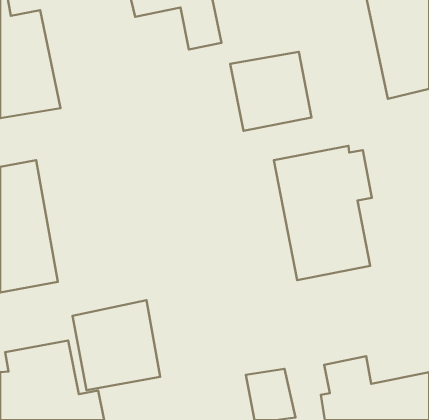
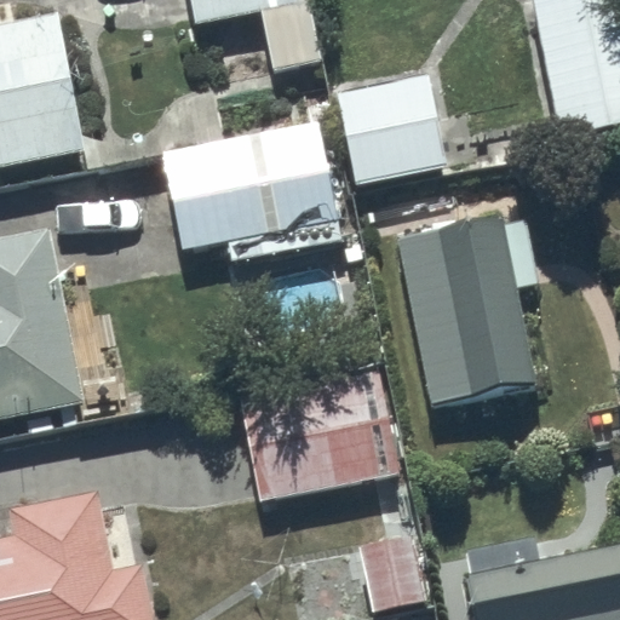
building: none -> [170,126,346,263]
building: none -> [239,368,397,500]
building: [72,300,160,390] -> none

